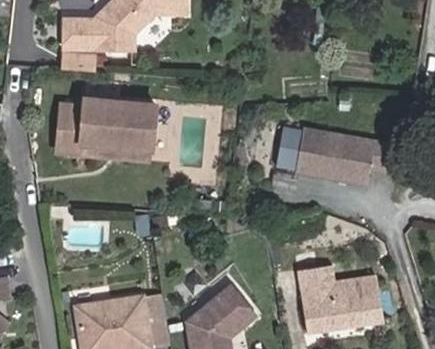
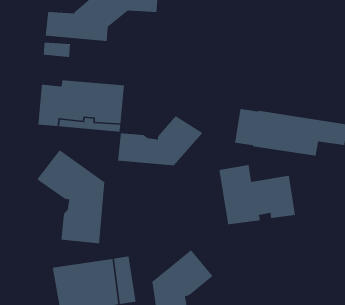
building: none -> [117,115,203,166]
building: none -> [36,149,105,244]
building: [299,268,385,336] -> [218,164,296,225]

